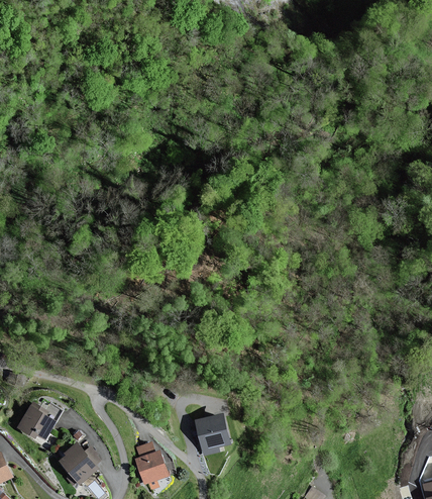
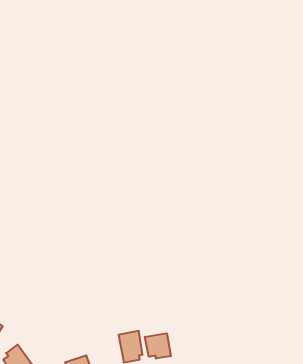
building: none -> [145,333,171,359]

